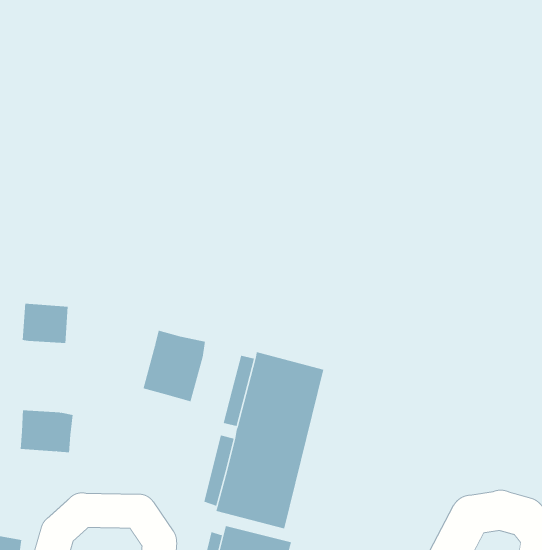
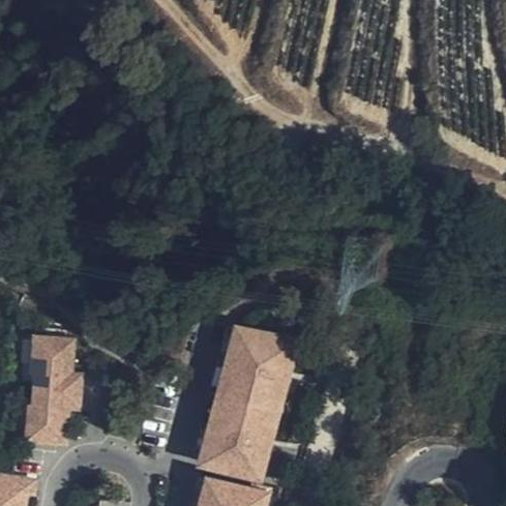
building: [22,303,69,344] -> [31,341,71,377]
building: [143,330,206,402] -> none
building: none -> [26,408,66,445]

